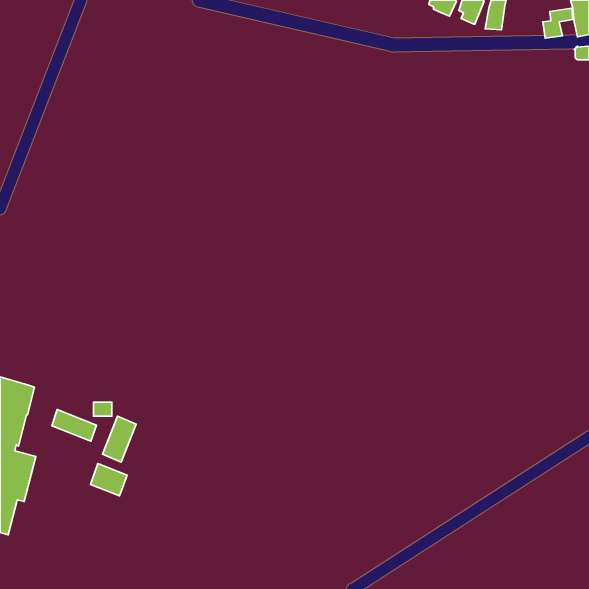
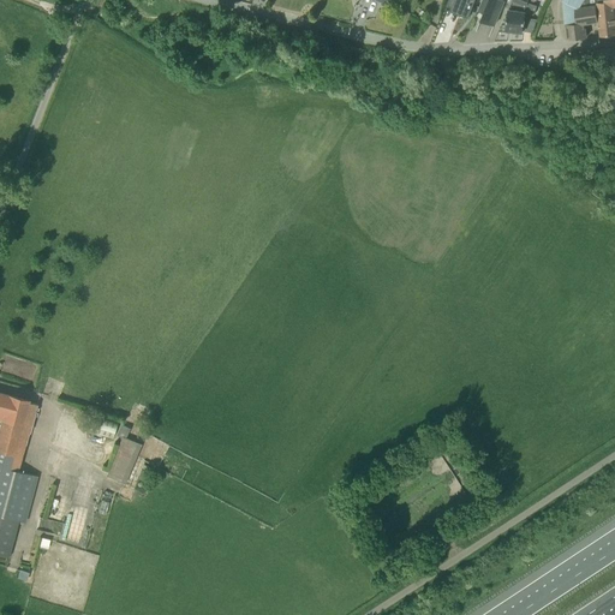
building: [52,410,96,441] -> none
building: [90,464,127,496] -> none

